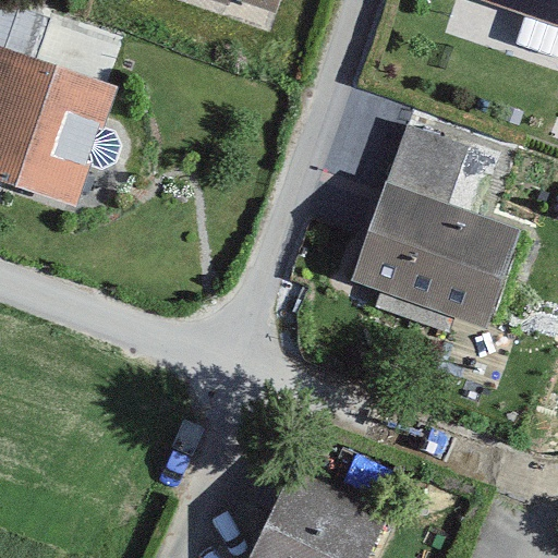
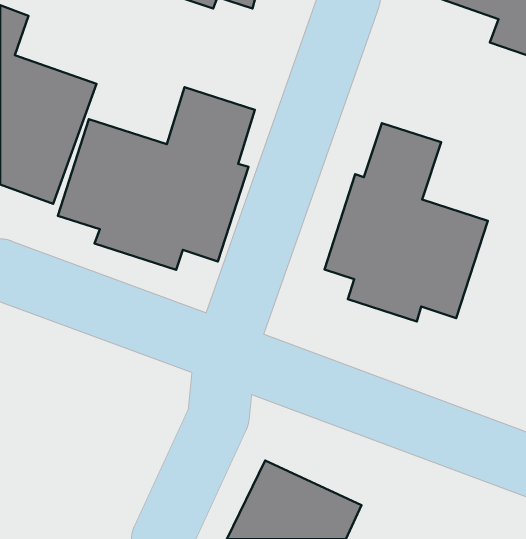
building: none -> [58,87,255,270]

